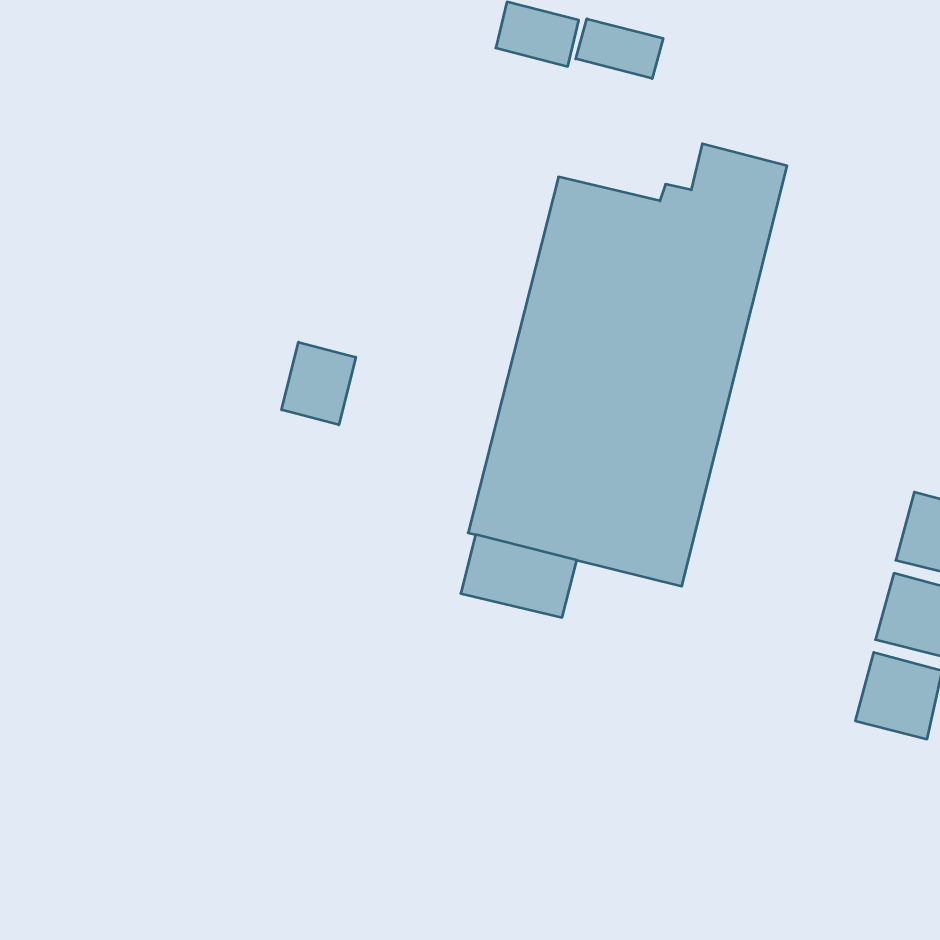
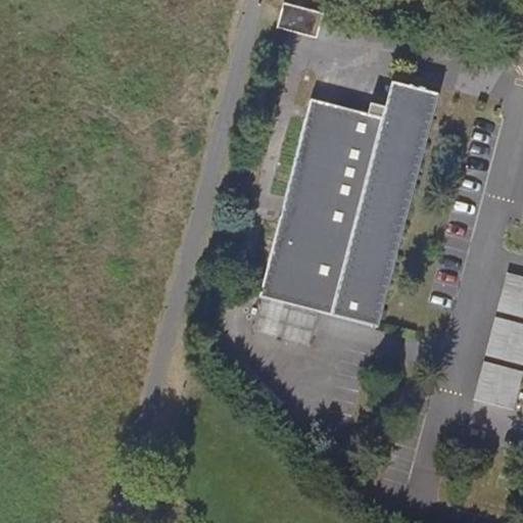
building: [576,19,663,79] -> none
building: [282,342,356,425] -> none

